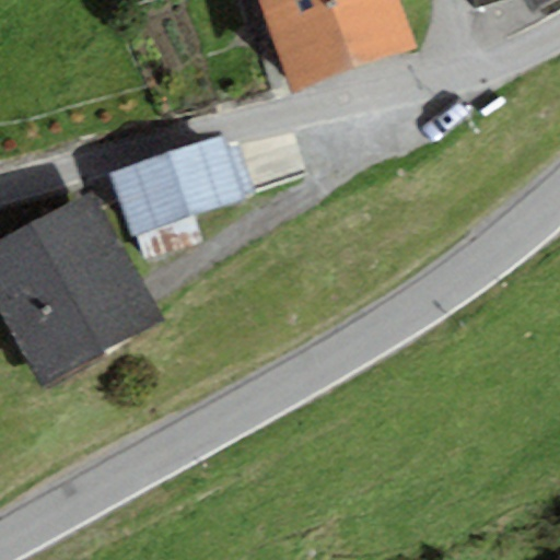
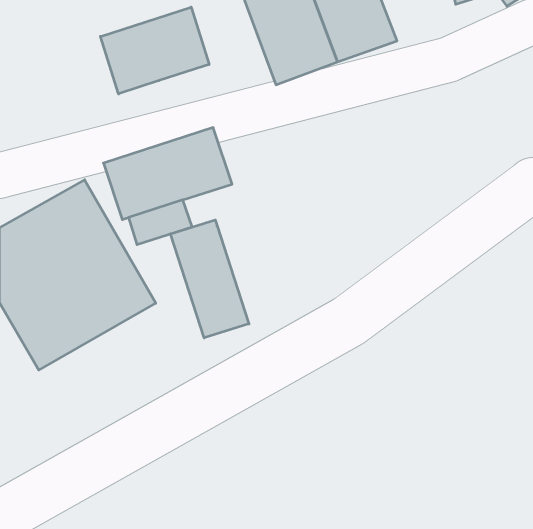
building: none -> [100,7,209,94]
building: none -> [171,220,249,338]

